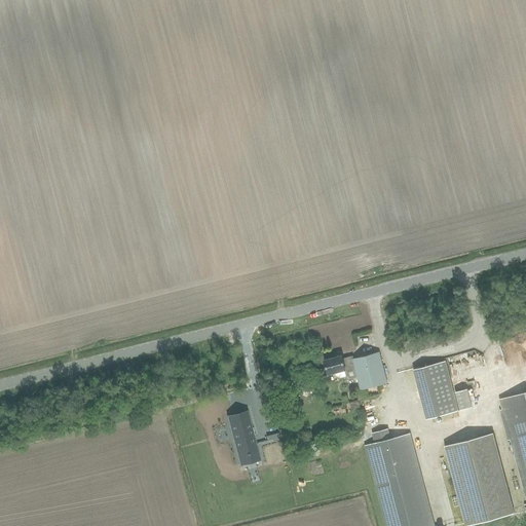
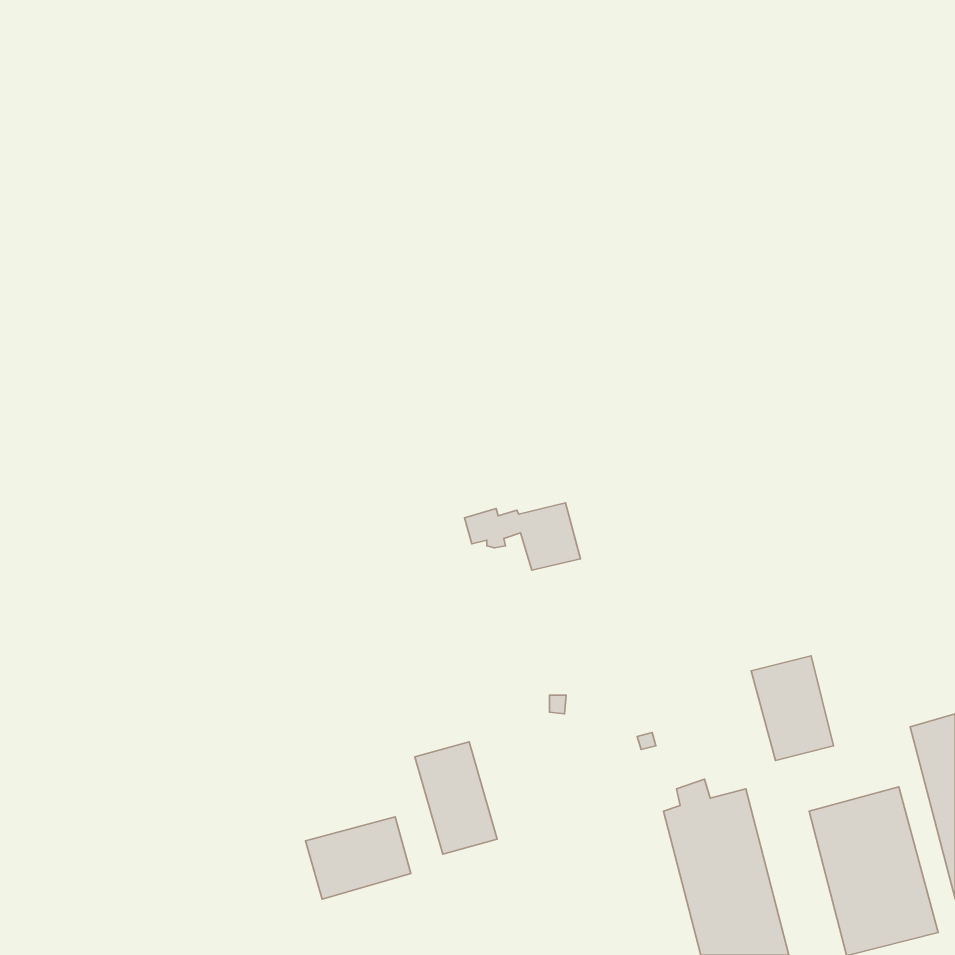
building: [324,352,387,389] -> [464,503,580,570]
building: none -> [305,817,411,899]

